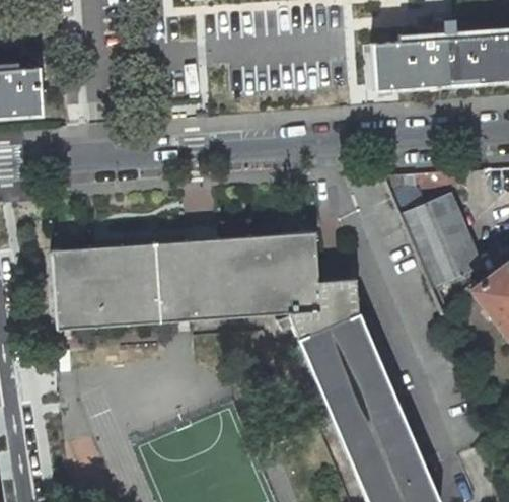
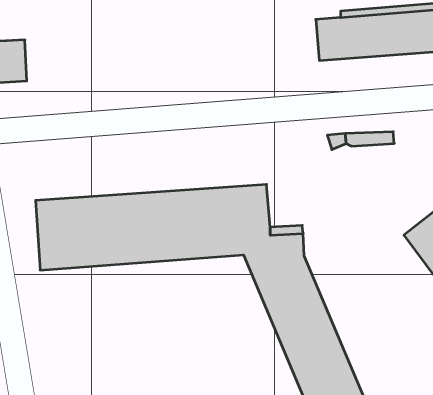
building: [398,193,481,307] -> none

